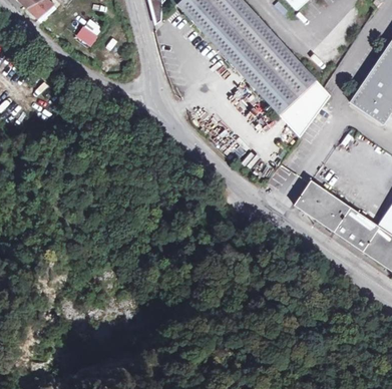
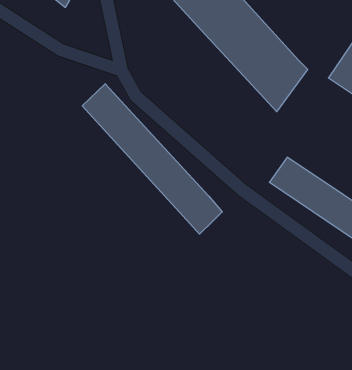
building: none -> [82,84,222,234]

